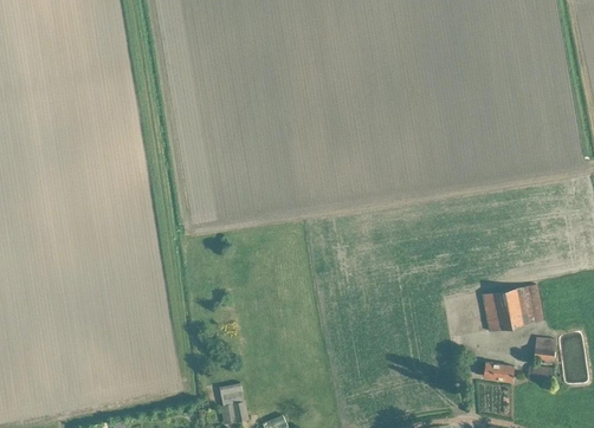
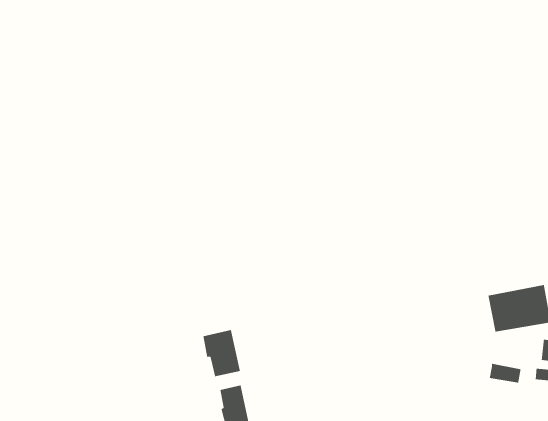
building: none -> [203,329,241,377]

